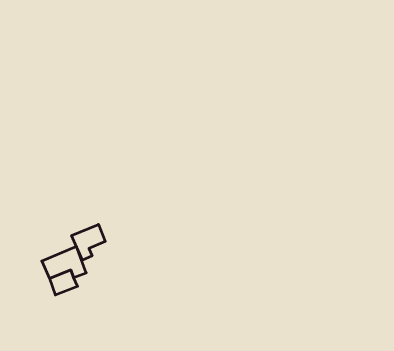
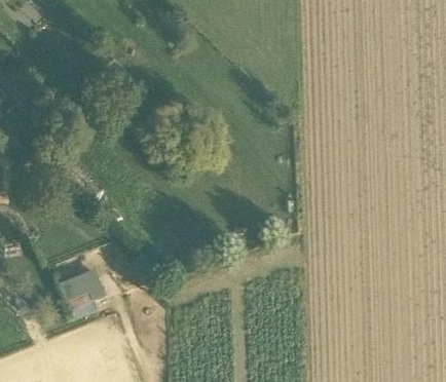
building: [72,224,105,260] -> none

